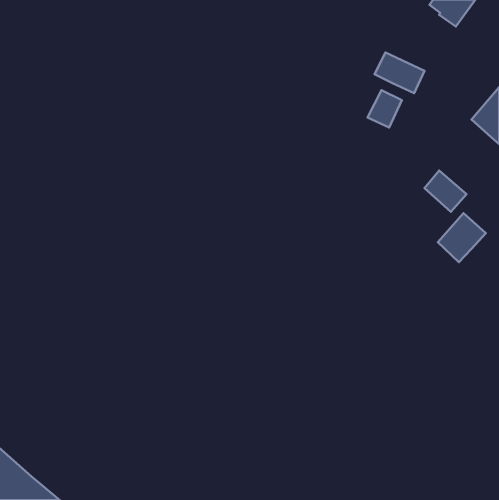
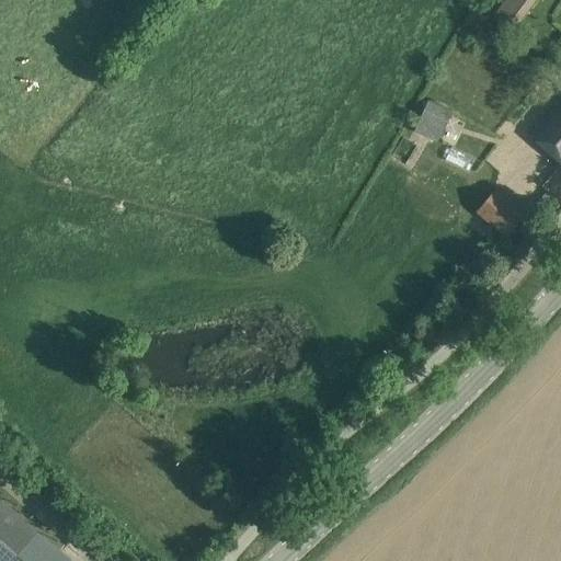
building: [374,53,424,93] -> none
building: [438,213,486,262] -> none

